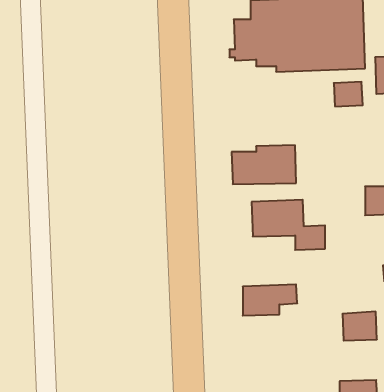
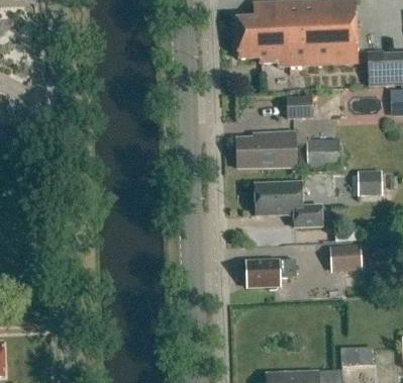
building: [334,82,363,106] -> [286,96,312,118]
building: none -> [306,138,339,167]
building: [342,312,377,341] -> [329,245,361,271]

